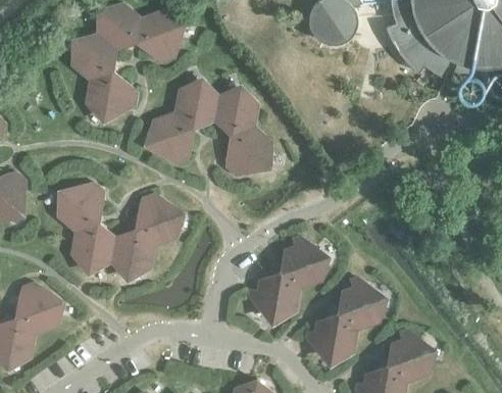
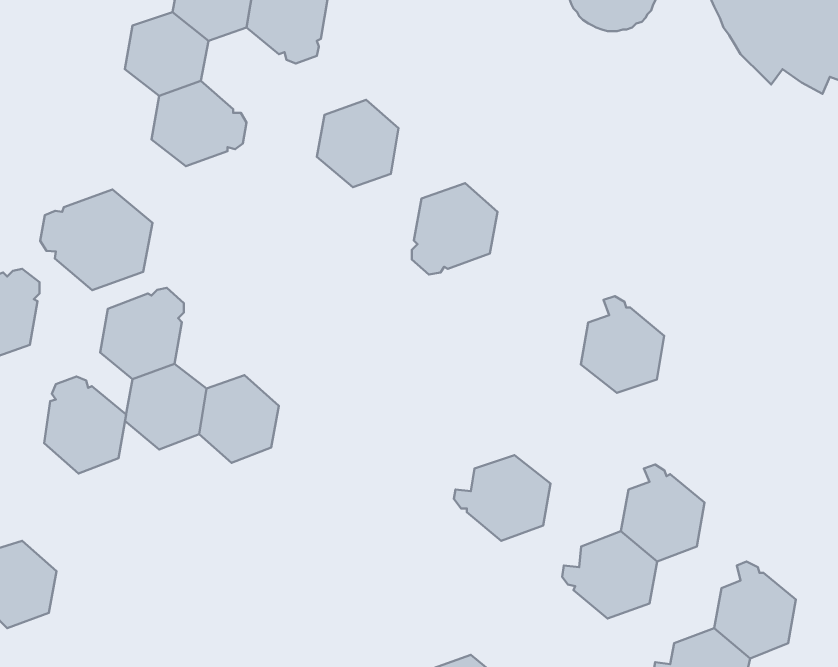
building: [214,89,258,135] -> none
building: [149,112,194,164] -> none
building: none -> [40,189,153,290]
building: [136,194,181,246] -> none
building: [281,236,325,288] -> [581,296,664,393]
building: [16,283,60,335] -> [44,377,126,474]

